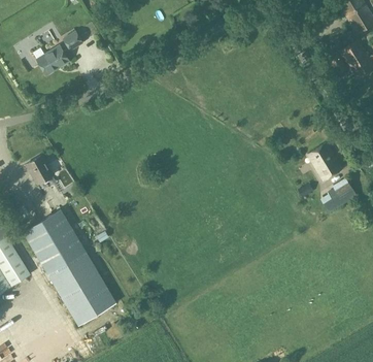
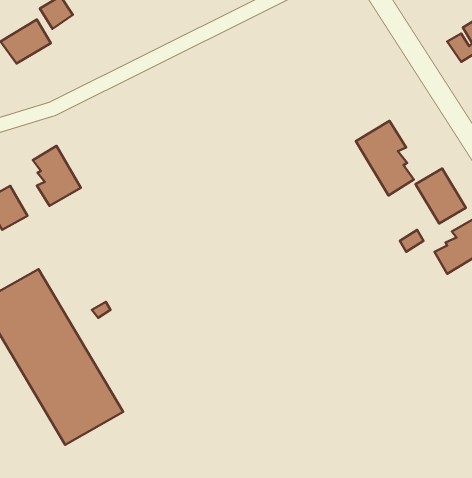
building: none -> [356,121,414,195]
building: none -> [33,146,81,206]

